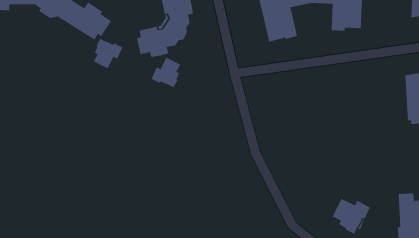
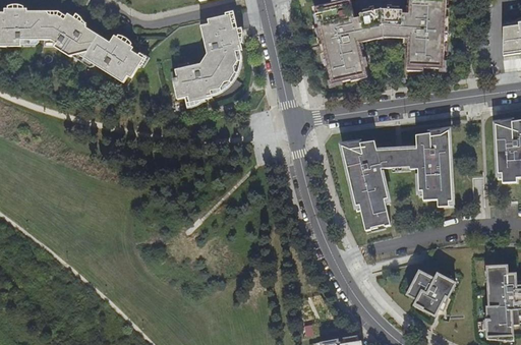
building: [93,38,123,69] -> none
building: [151,57,181,88] -> none
building: none -> [339,128,452,229]

